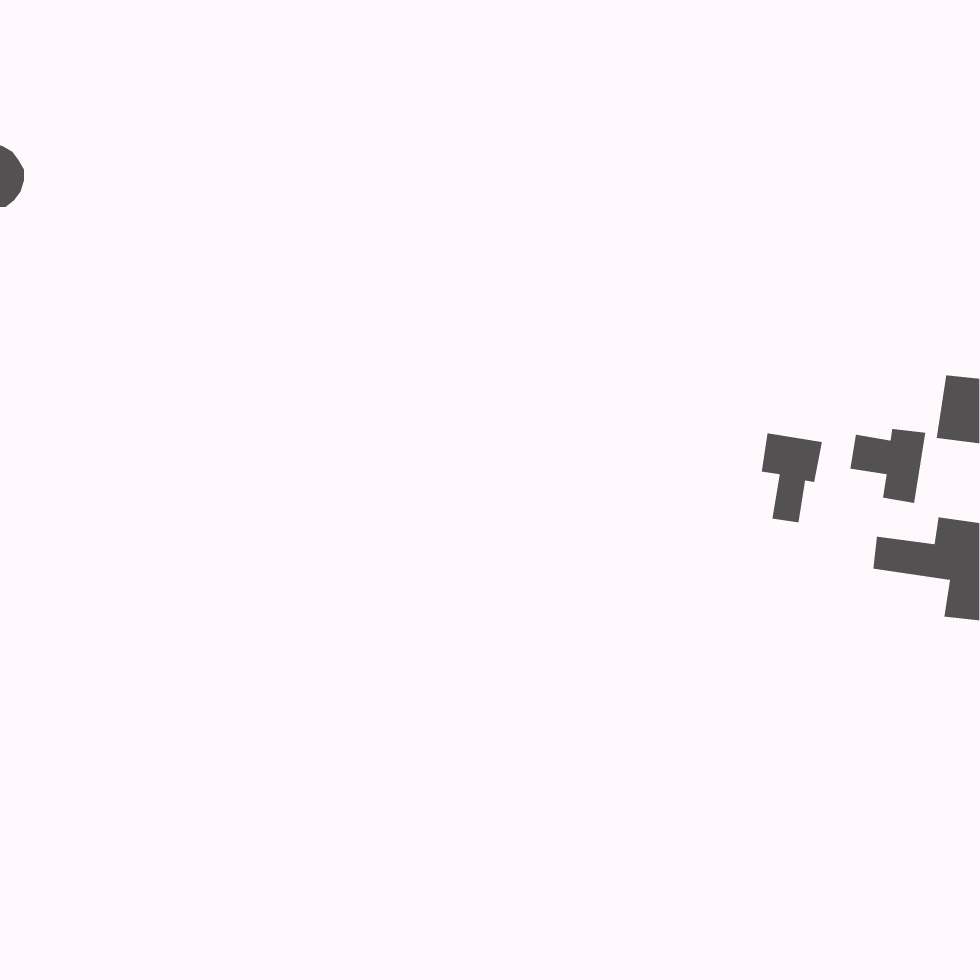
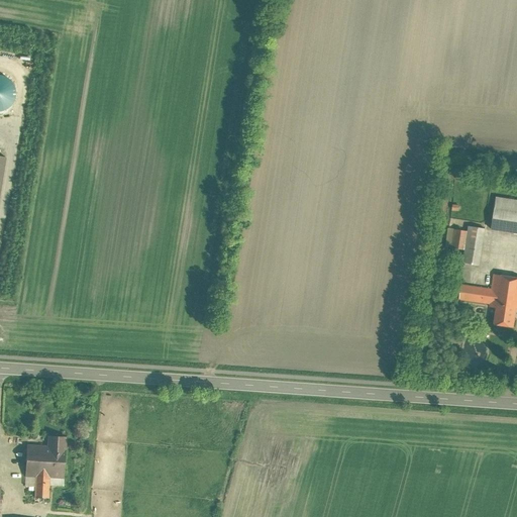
building: [761,432,822,523] -> none
building: none -> [23,436,67,499]

